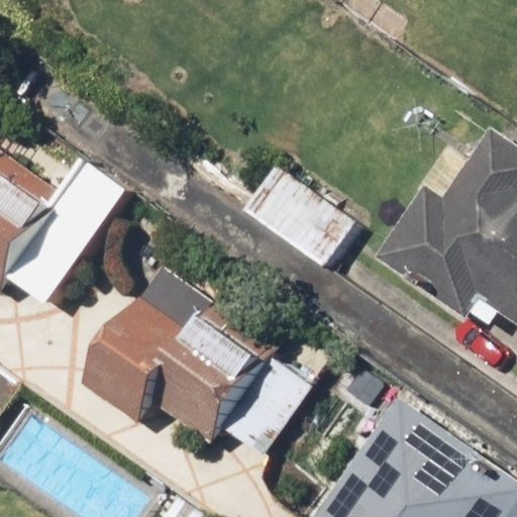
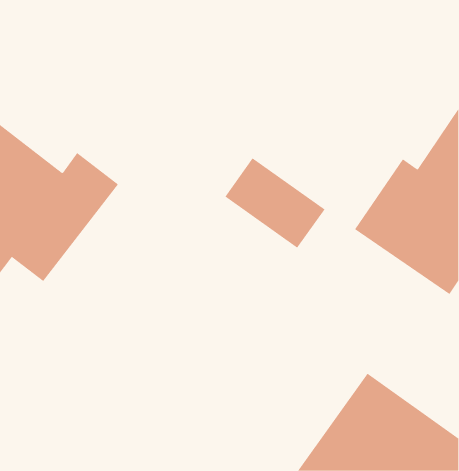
building: [83,257,287,441] -> none

